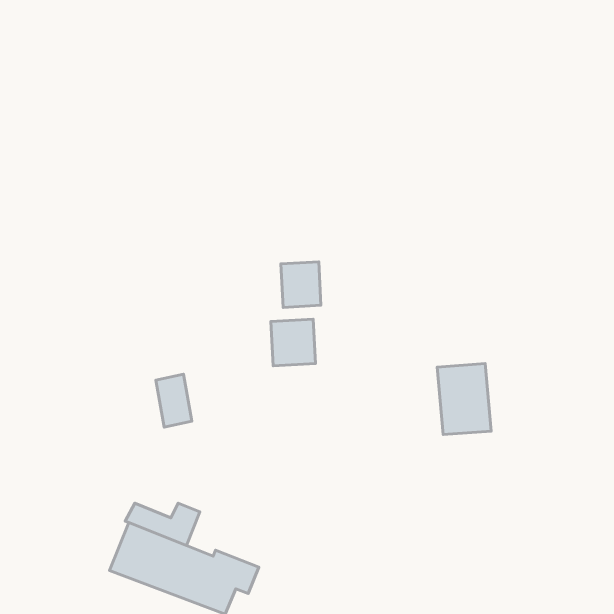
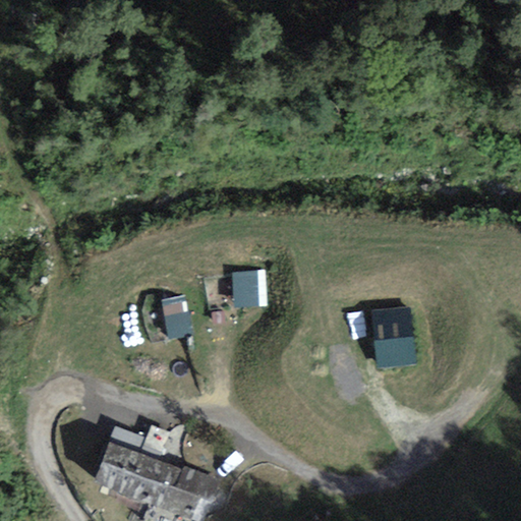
building: [281,262,321,307] -> none
building: [156,374,192,427] -> [161,294,191,339]

